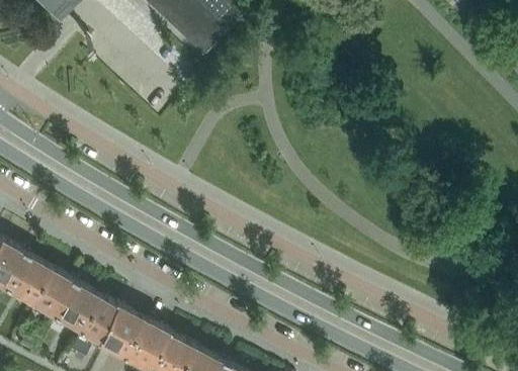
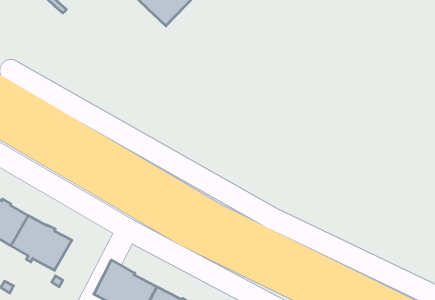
building: [79,295,142,355] -> none

